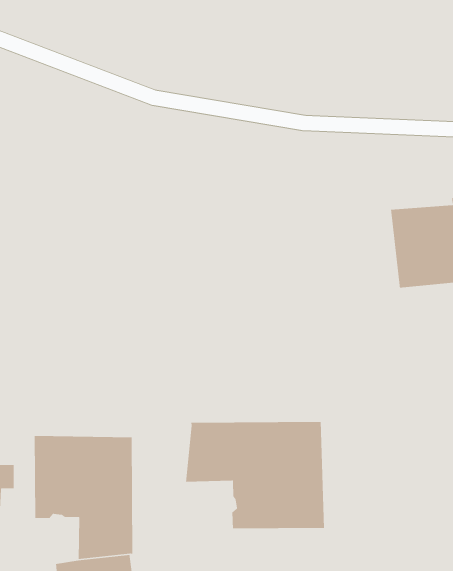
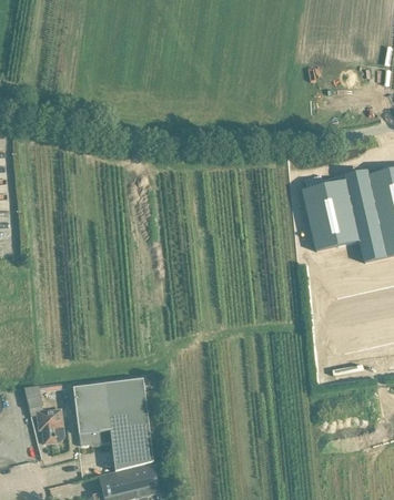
building: [185,421,325,529] -> none

